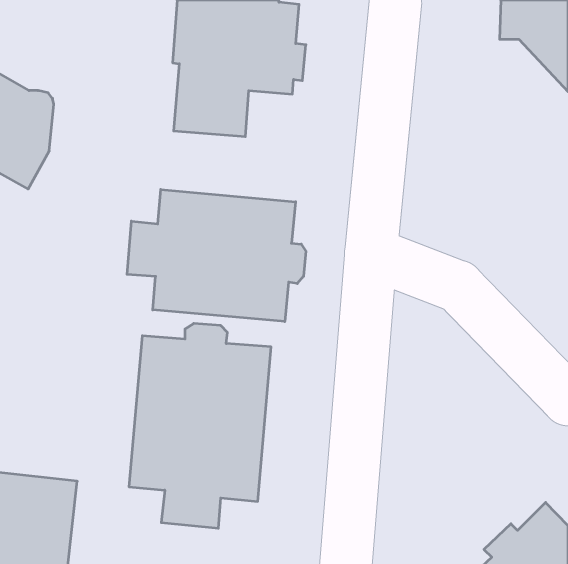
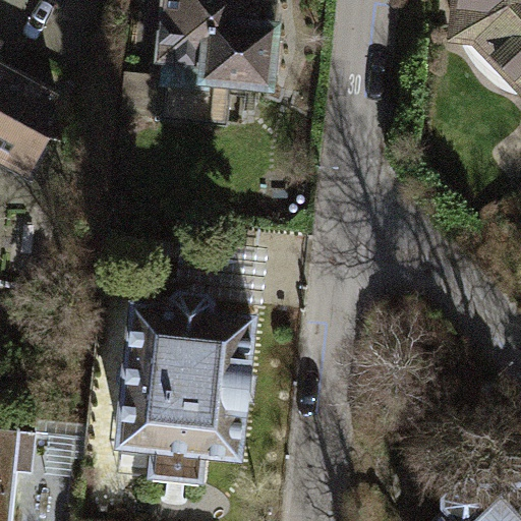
building: [127,189,306,322] -> none

